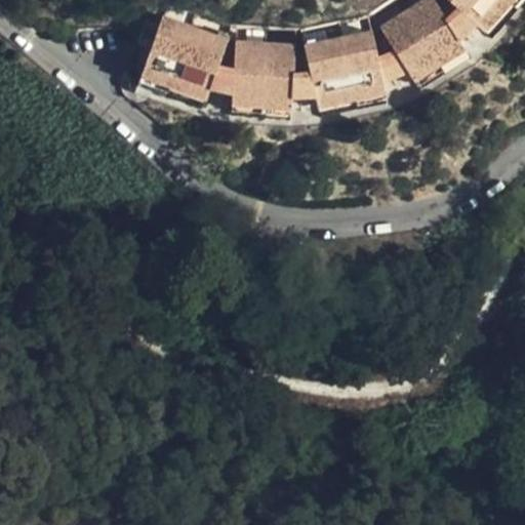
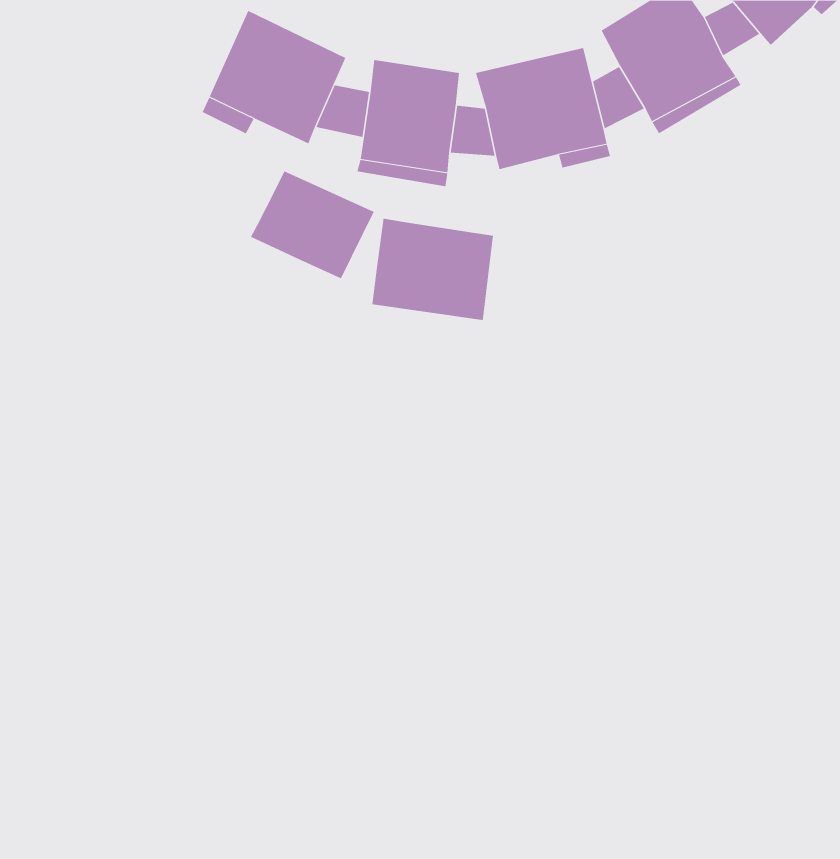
building: none -> [250,170,374,279]
building: none -> [372,218,493,321]

